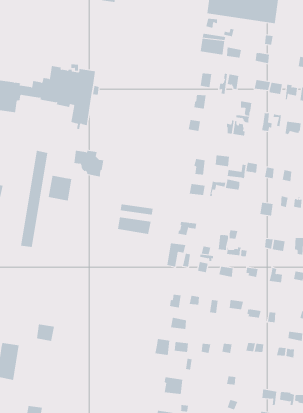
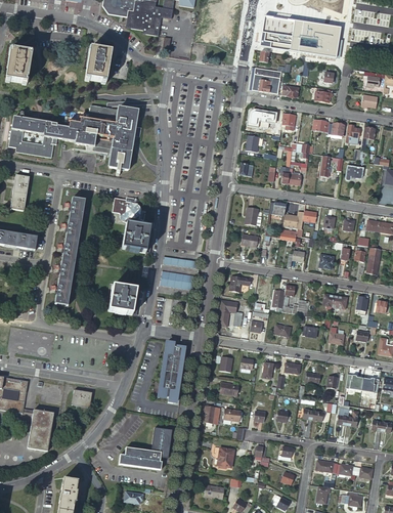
building: none -> [86,48,113,83]
building: [48,175,72,201] -> [124,224,150,253]
building: none -> [111,286,138,314]
building: none -> [154,342,179,404]
building: none -> [120,430,173,469]

